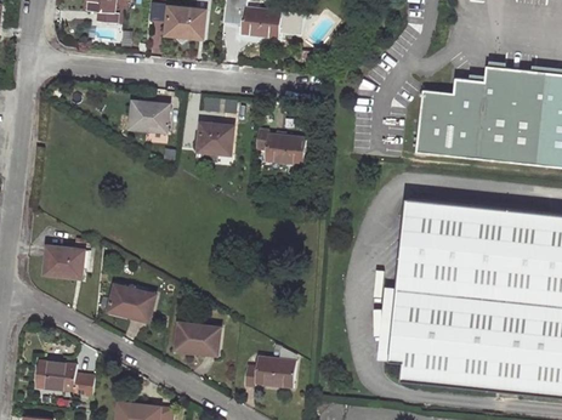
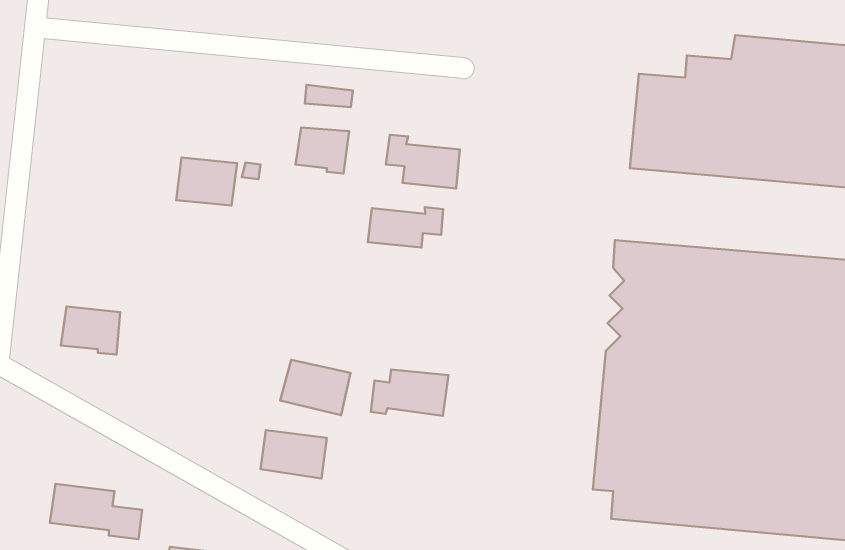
building: [130,101,170,132] -> [176,158,237,206]
building: none -> [368,207,443,248]
building: [107,284,153,320] -> [280,360,350,415]
building: [245,359,296,390] -> [371,370,448,416]

